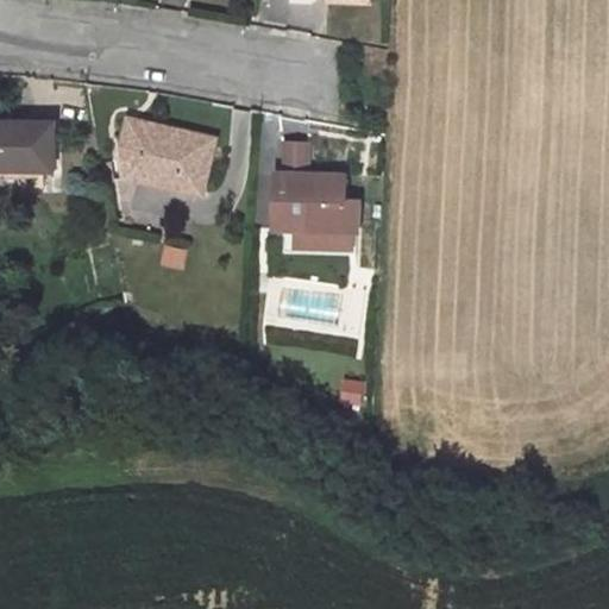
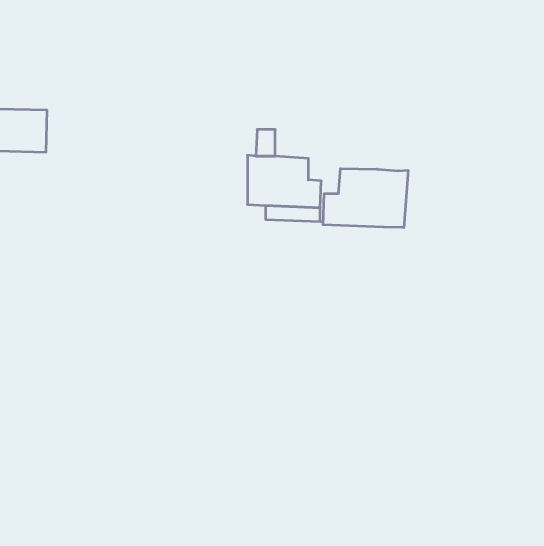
building: [121,119,212,192] -> none
building: none -> [323,169,408,228]

